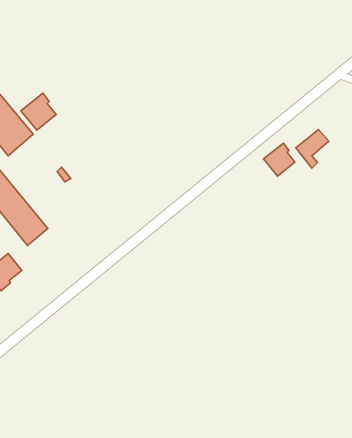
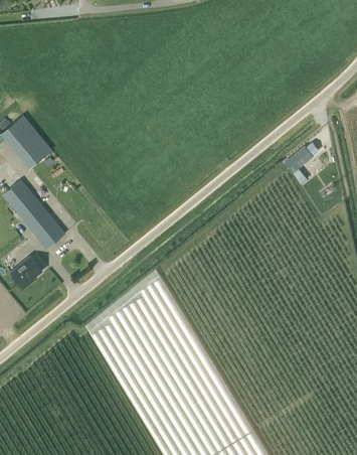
building: [21,93,56,130] -> none
building: [264,143,295,176] -> none

